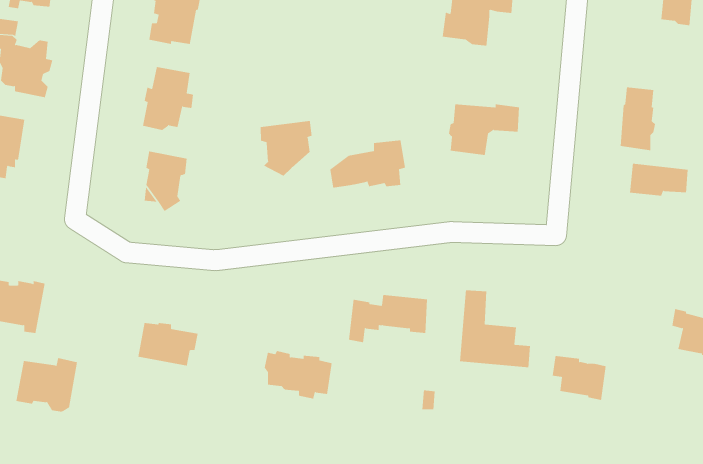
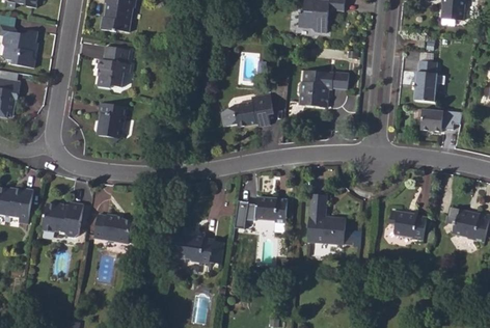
building: [260,120,312,176] -> none
building: [552,355,606,401] -> [390,211,427,241]
building: [15,357,78,412] -> [43,201,84,238]

